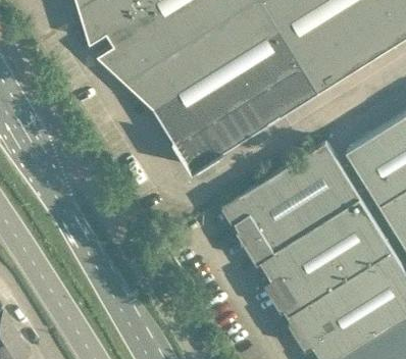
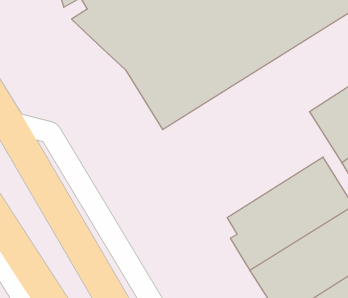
building: [222,142,361,263] -> none

